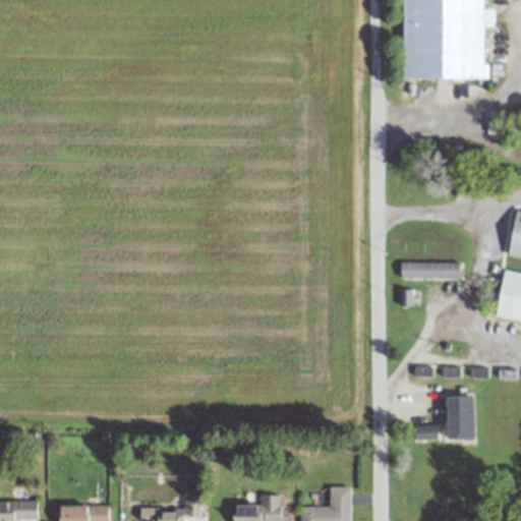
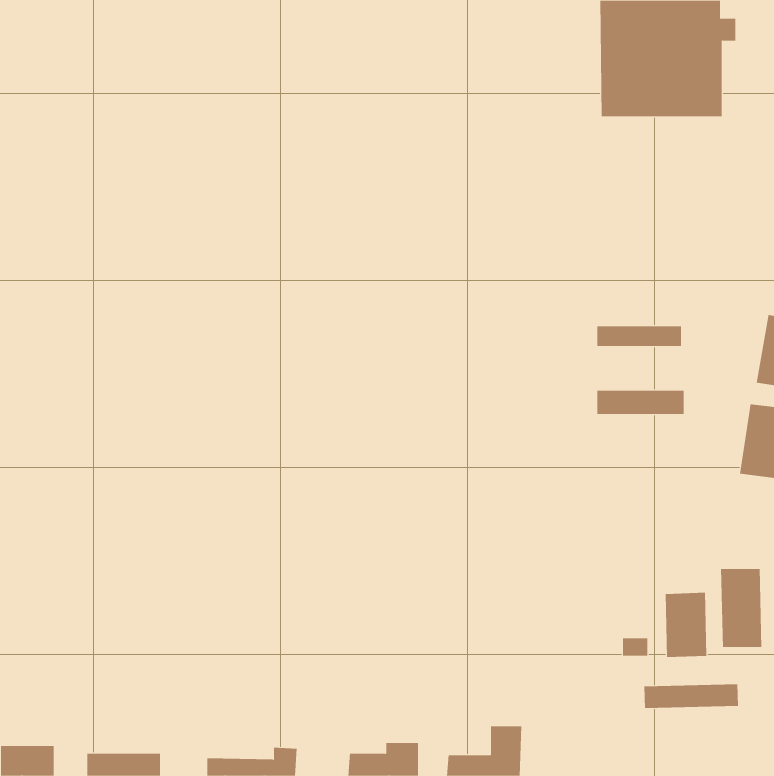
building: none -> [597,326,682,347]
building: none -> [721,568,762,648]
building: none -> [644,684,738,709]

